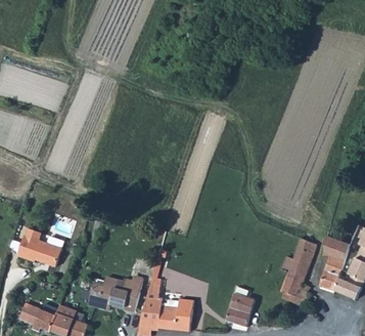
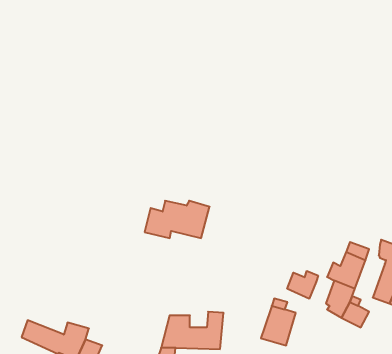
building: [19,234,63,264] -> none
building: none -> [287,271,318,299]
building: [88,278,143,309] -> [145,201,210,238]

